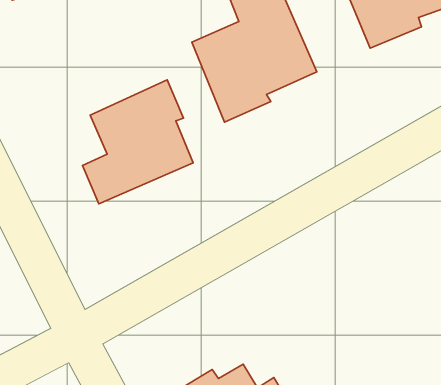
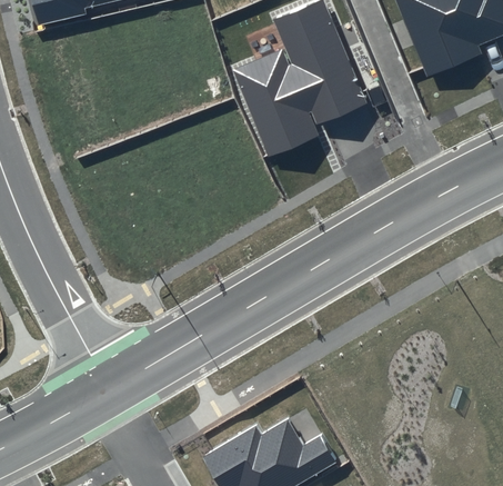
building: [83,80,193,204] -> none

